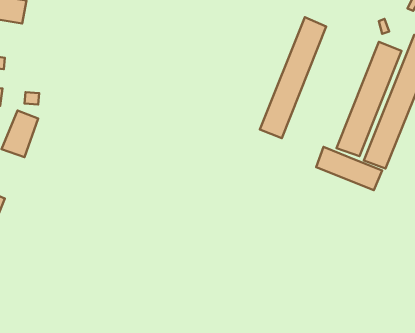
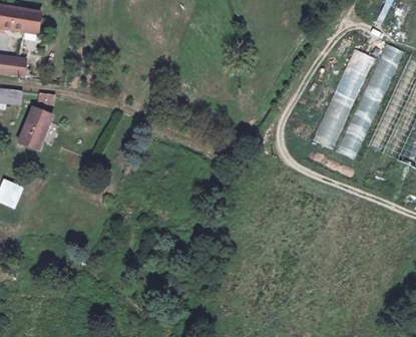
building: [260,17,326,138] -> none
building: [316,147,382,190] -> none

